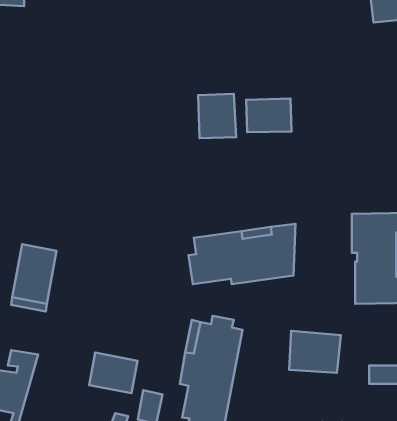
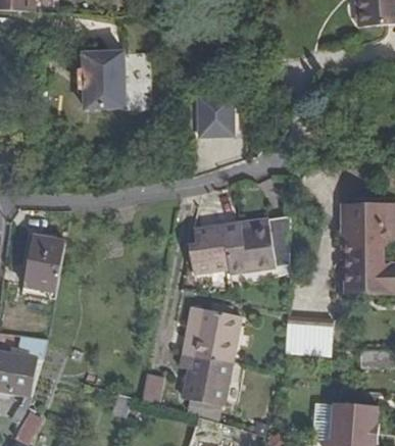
building: none -> [83,50,125,107]
building: [246,98,291,132] -> none
building: [89,353,137,393] -> none

